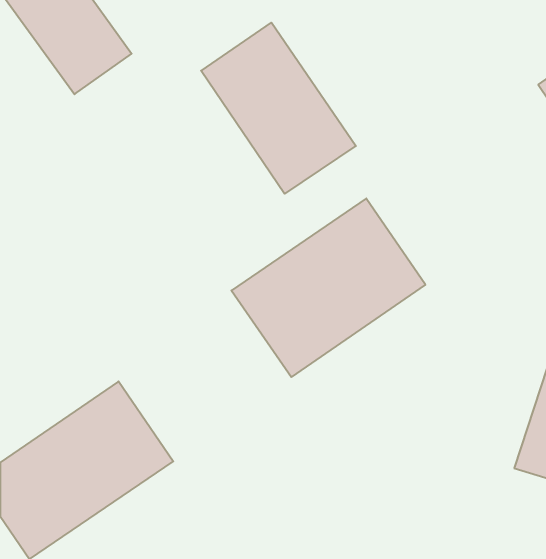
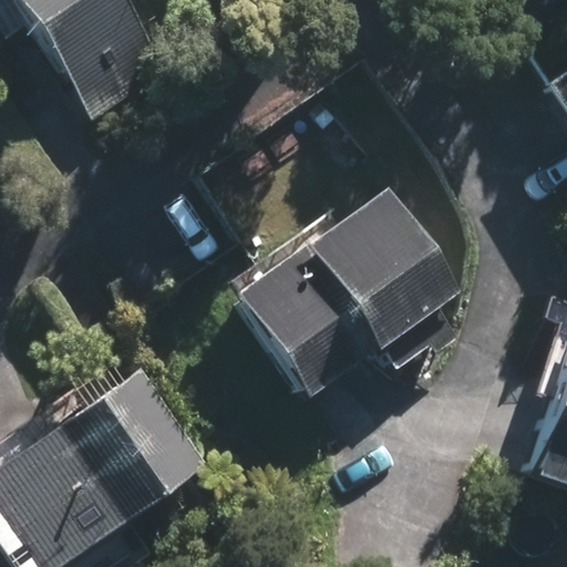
building: [201,23,356,194] -> none

